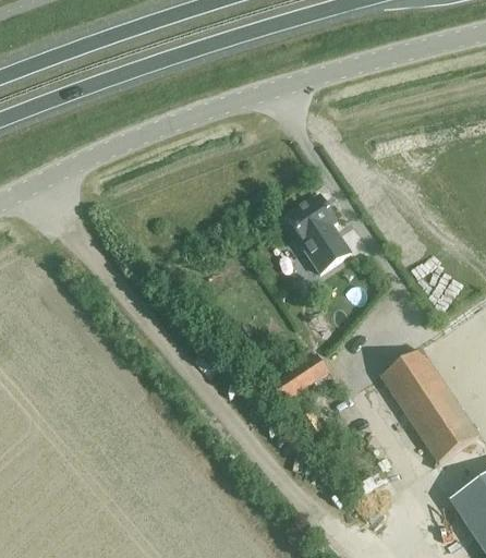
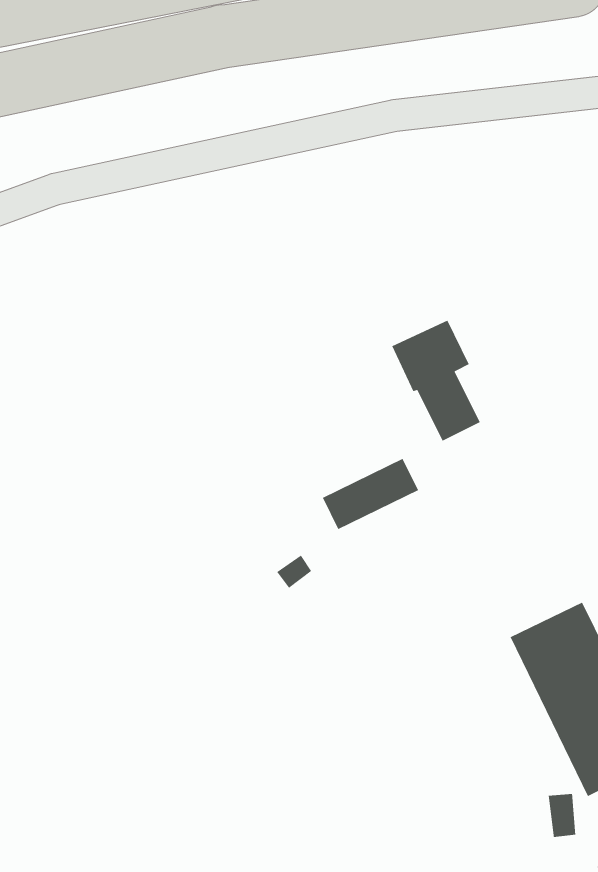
building: [271,353,327,400] -> [322,458,419,530]

